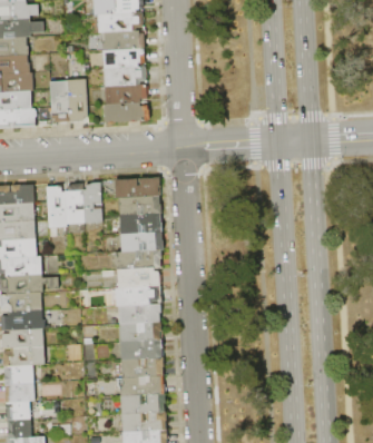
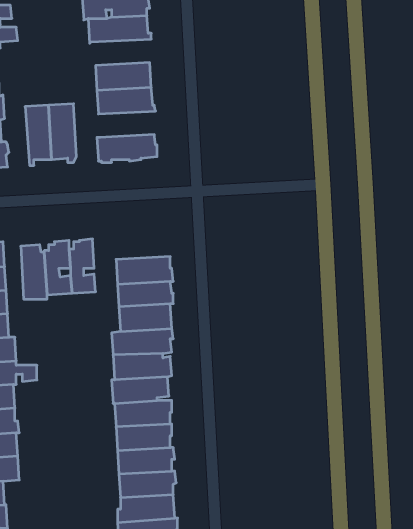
building: [99,30,146,50] -> none
building: [105,85,148,105] -> none
building: [114,177,160,198] -> none

